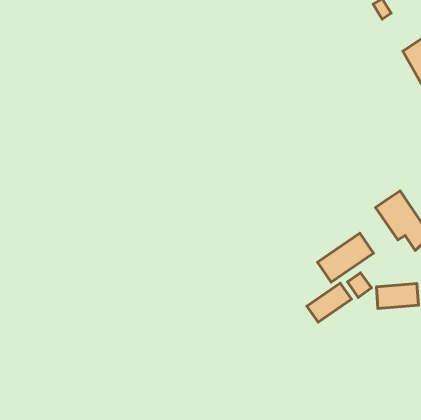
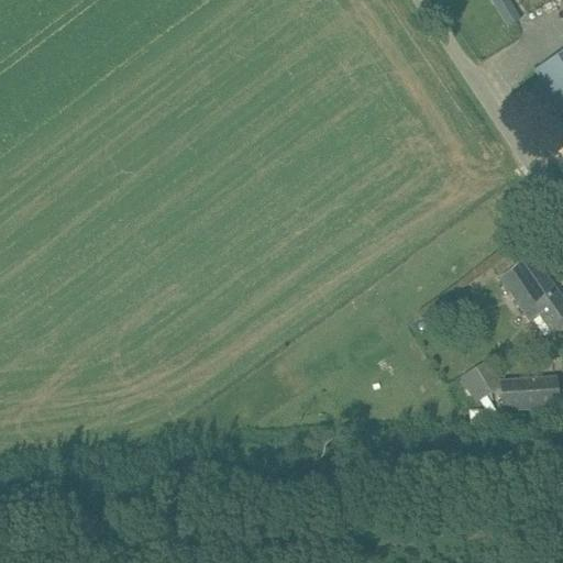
building: [317,233,374,282] -> none
building: [307,283,351,322] -> none

